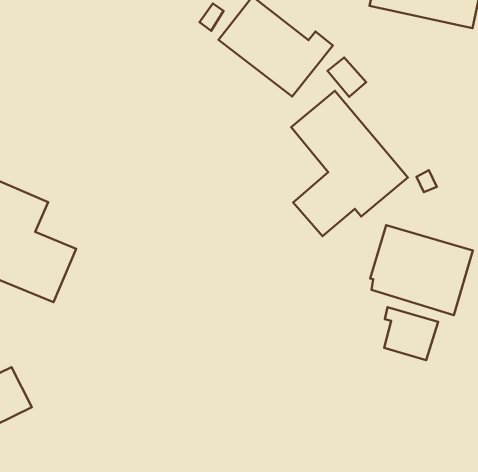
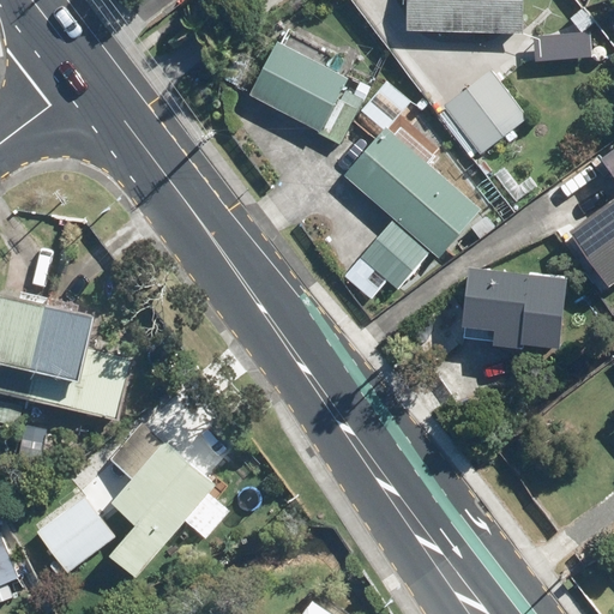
building: none -> [445,72,526,154]
building: [384,307,438,360] -> none
building: none -> [107,416,215,572]

